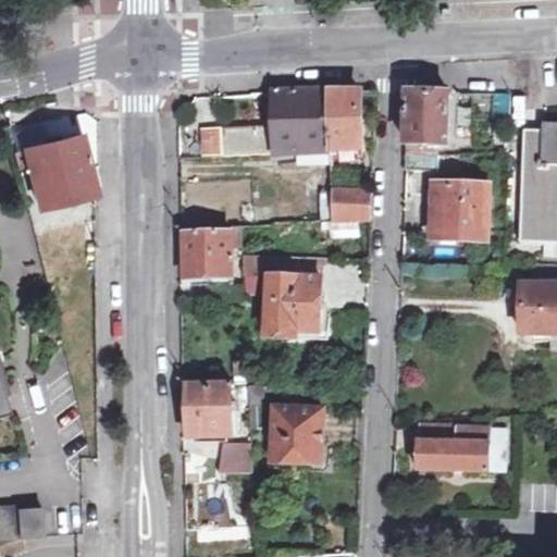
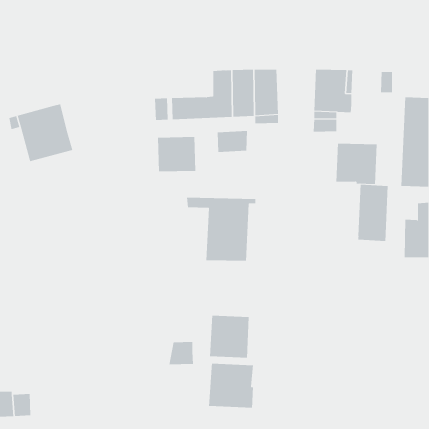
building: [330,190,370,219] -> [217,131,248,153]
building: [181,232,231,277] -> [157,137,196,172]
building: none -> [358,184,388,242]
building: [186,379,231,435] -> none
building: [416,421,506,471] -> none
building: none -> [209,363,253,409]

